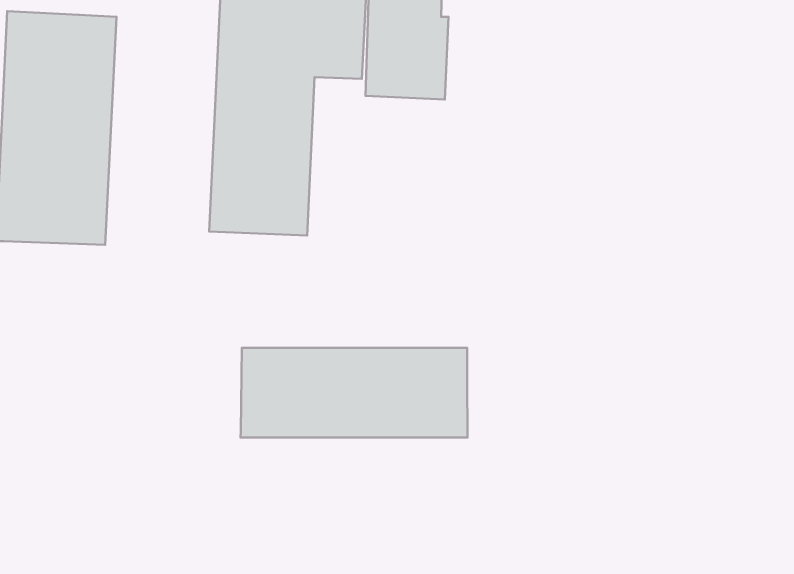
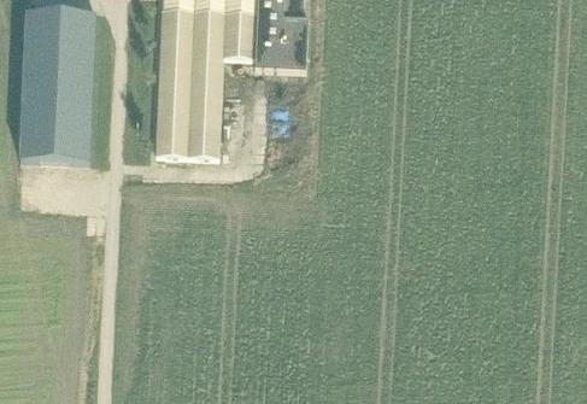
building: [240,348,468,437] -> none

